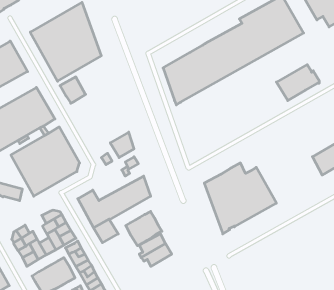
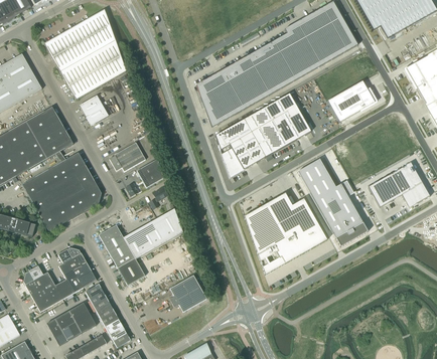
building: none -> [214,93,310,177]
building: none -> [109,142,145,171]
building: none -> [297,159,368,246]
building: [126,211,162,246] -> none

